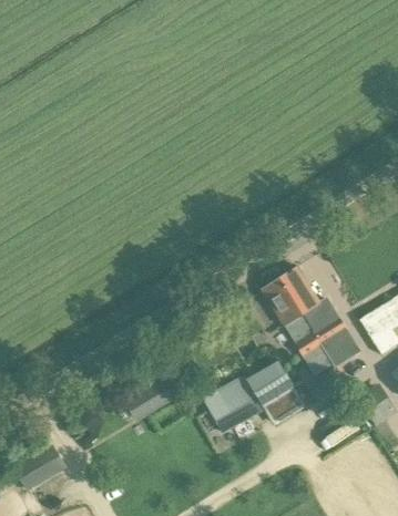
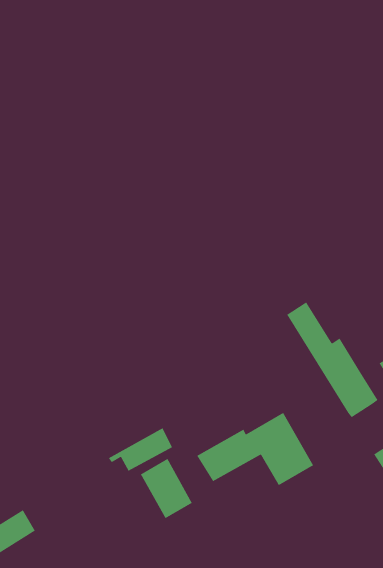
building: [261,278,333,375] -> none
building: none -> [140,458,193,519]

